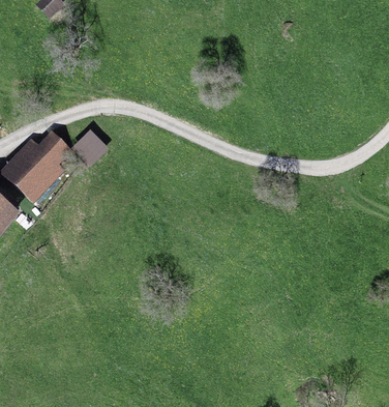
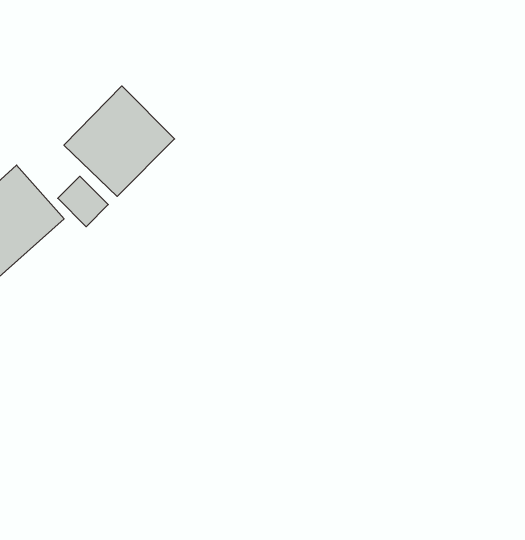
building: none -> [64,86,175,196]

